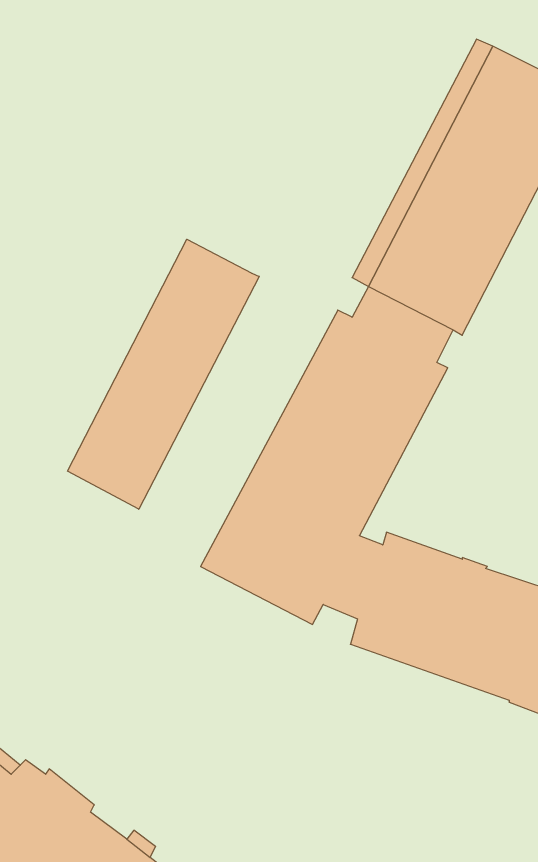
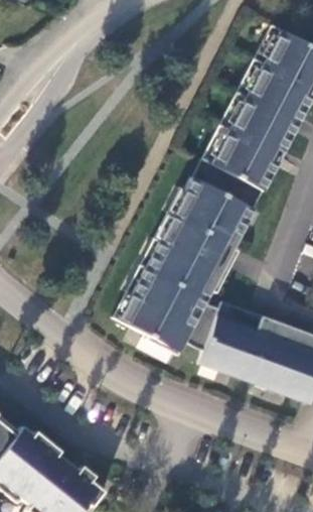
building: [68,239,259,509] -> none

